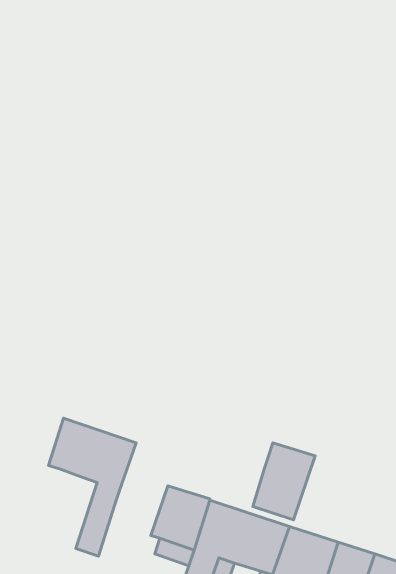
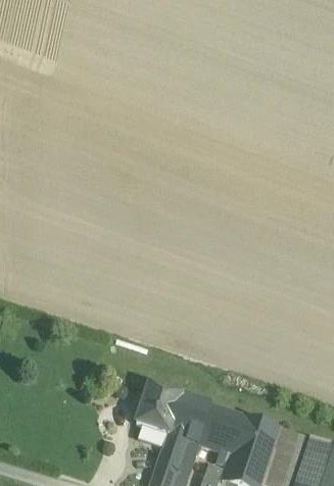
building: [49,418,136,556] -> none
building: [253,443,315,520] -> none

